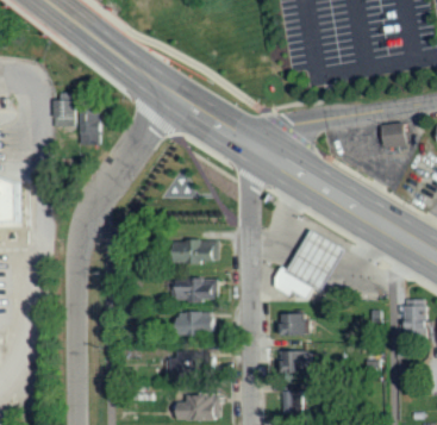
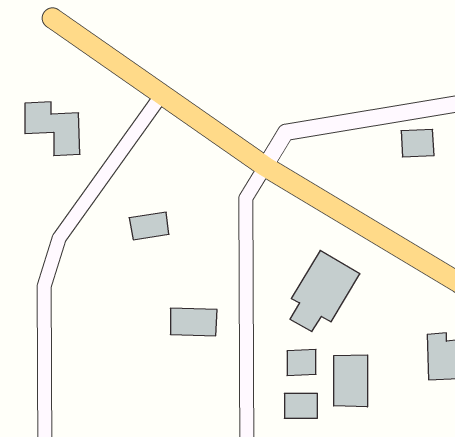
building: [183,239,218,263] -> [129,212,169,240]
building: [176,312,218,336] -> none
building: none -> [334,355,367,407]
building: [171,350,211,375] -> none

